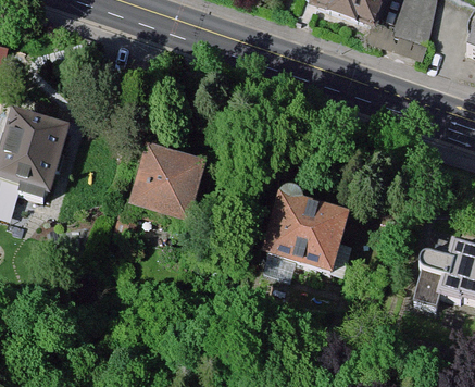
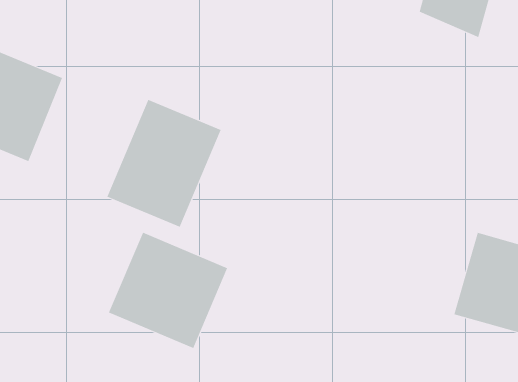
building: [257,179,352,276] -> none
building: none -> [108,232,228,349]

